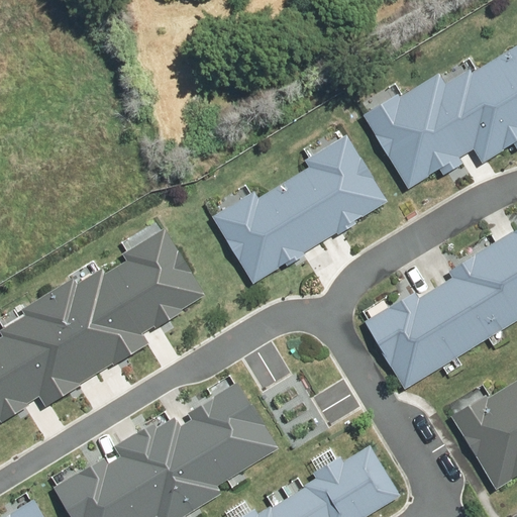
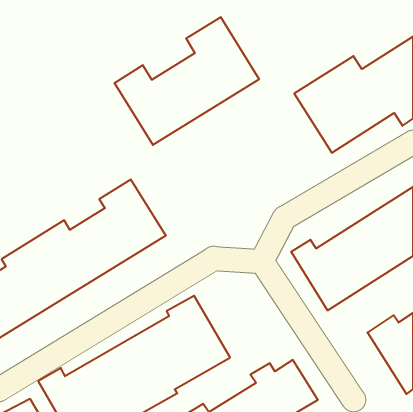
building: [207,121,387,280] -> [114,17,259,145]

